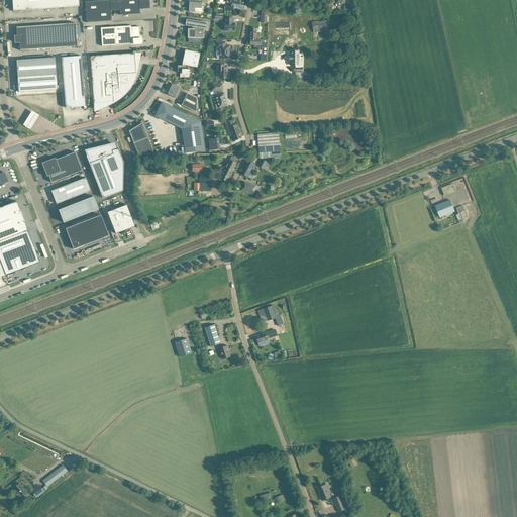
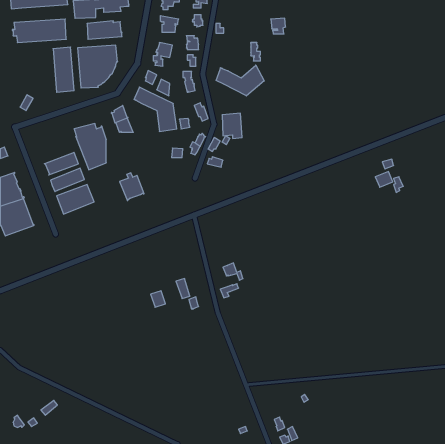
building: [16,57,58,91] -> none
building: none -> [216,65,264,96]
building: [42,151,82,182] -> none
building: [107,201,135,233] -> [120,173,144,201]

